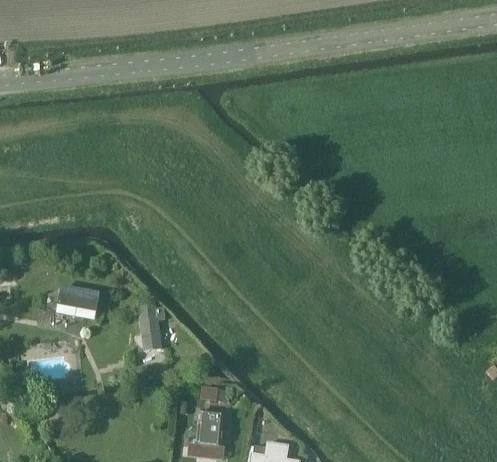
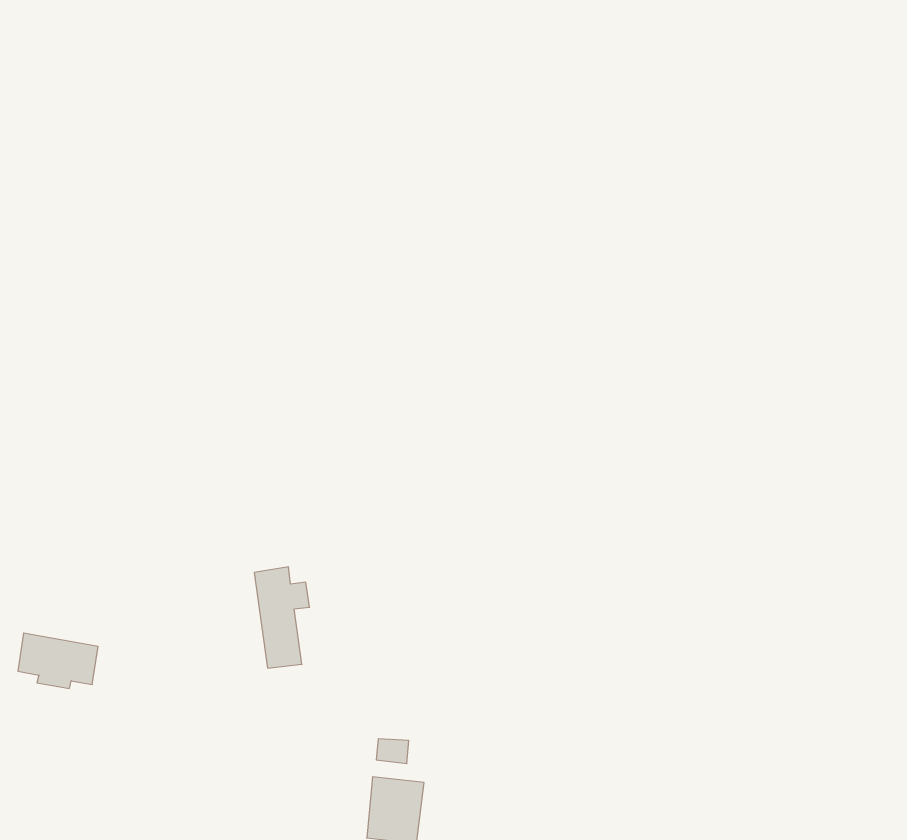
building: [57,289,99,318] -> [18,633,98,688]

